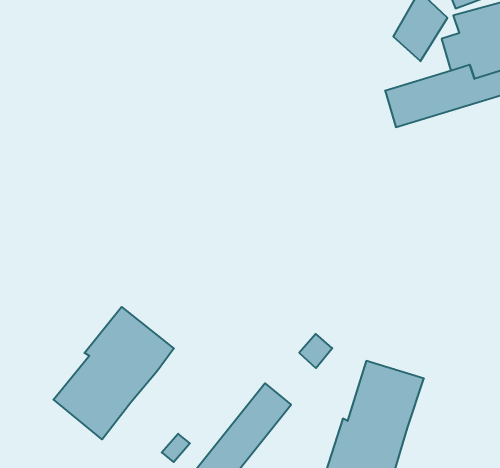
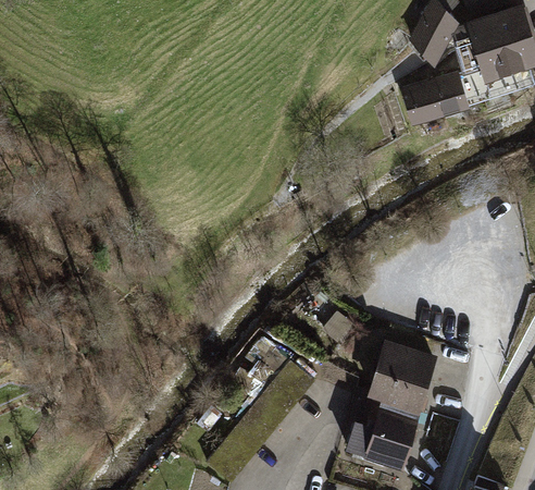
building: [53,307,174,439] -> none

